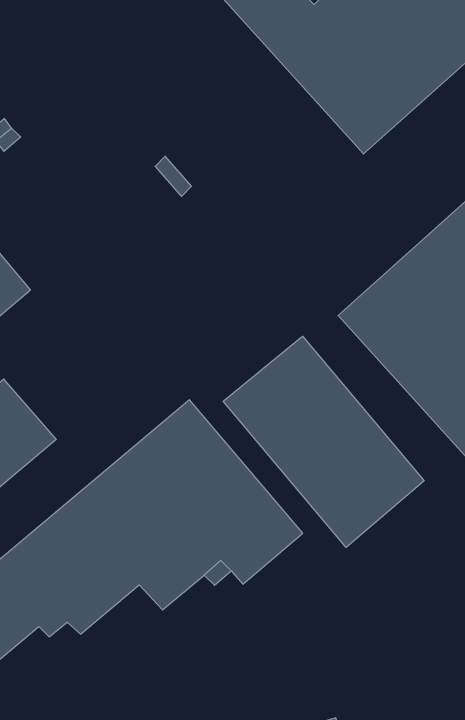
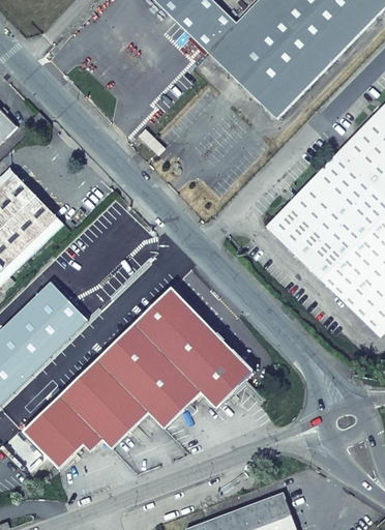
building: [223,336,424,547] -> none

